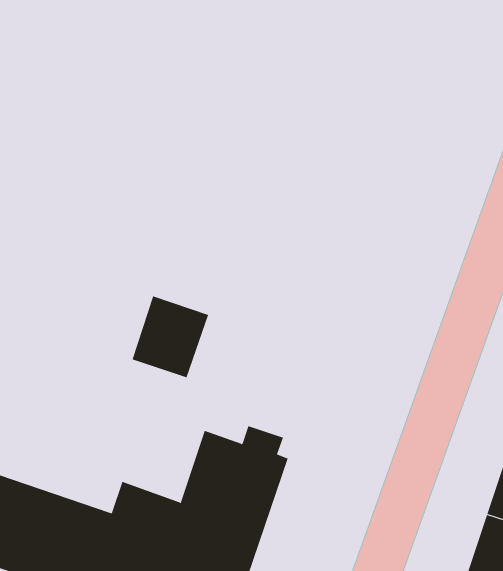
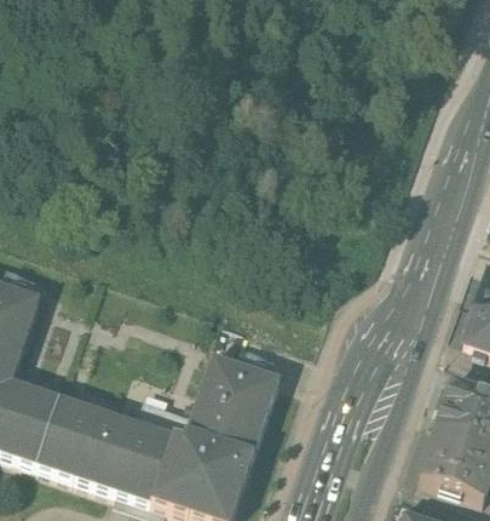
building: [132,295,209,378] -> none

